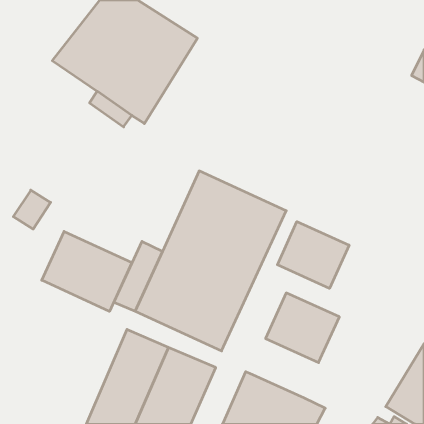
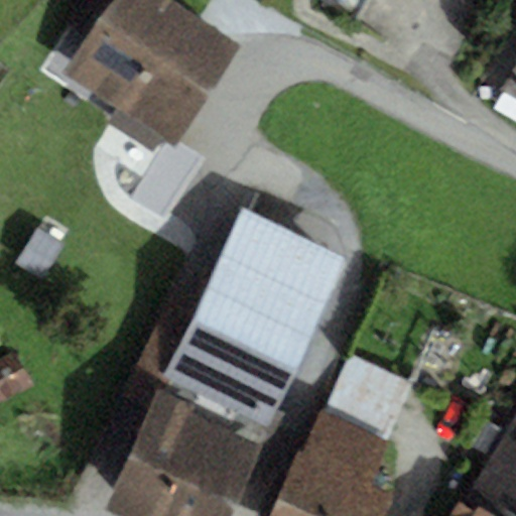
building: [277,222,349,288] -> none
building: [42,231,132,311] -> none
building: none -> [303,411,389,484]

